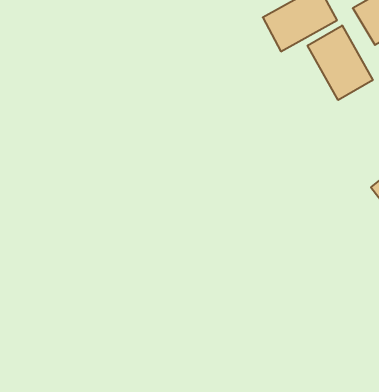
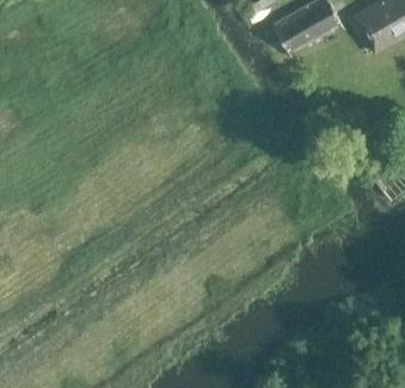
building: [308,25,373,100] -> none

